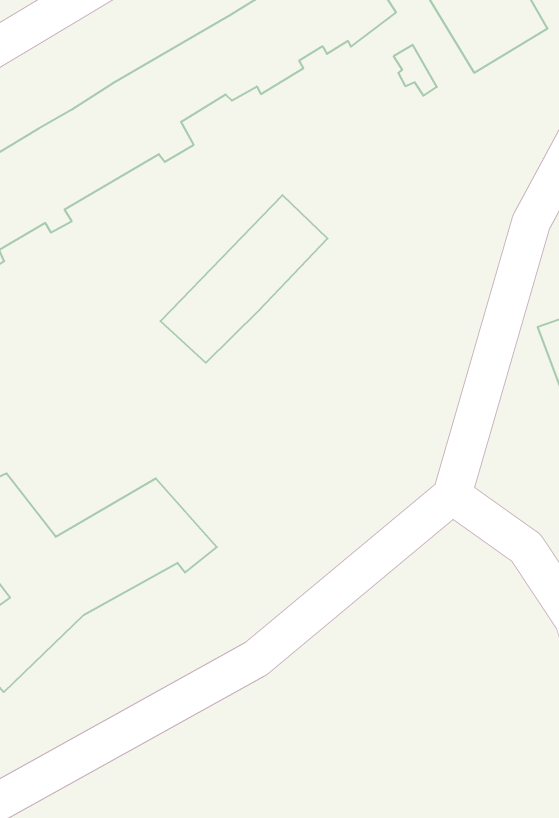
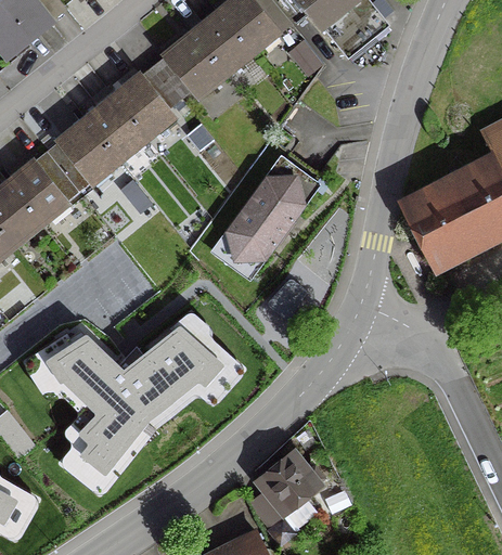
building: [160,195,328,363] -> [216,164,311,273]
building: none -> [257,453,322,524]

